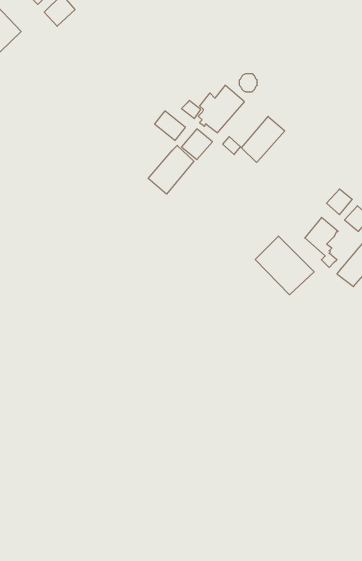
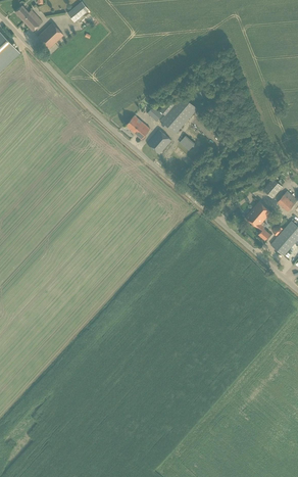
building: [241,116,285,162] -> none
building: [148,145,194,194] -> none
building: [255,236,314,295] -> none

